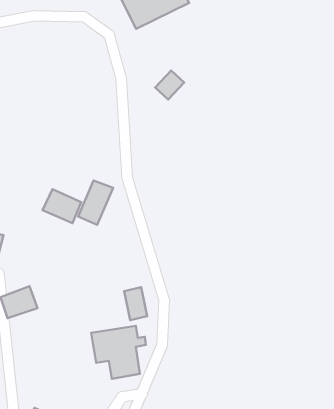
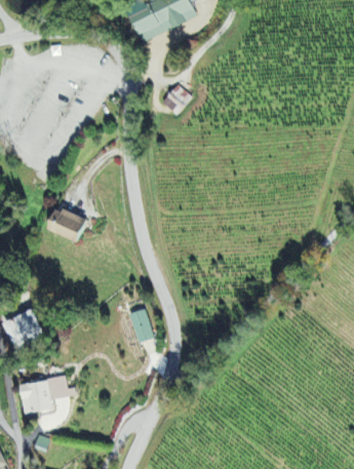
building: [78,180,113,225] -> none
building: [91,326,146,379] -> [17,374,74,428]

